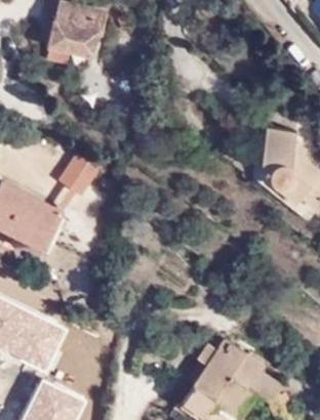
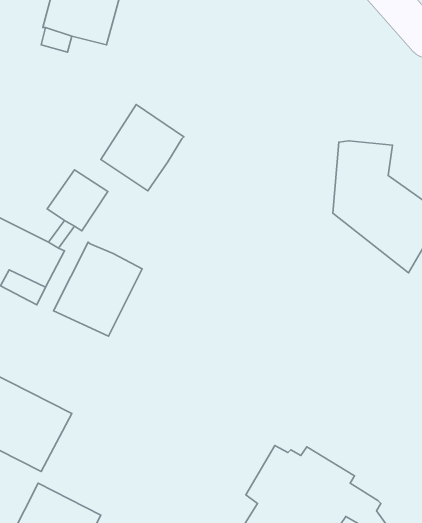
building: none -> [101,104,184,191]
building: none -> [54,242,142,336]

